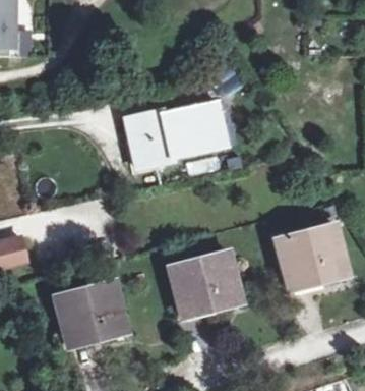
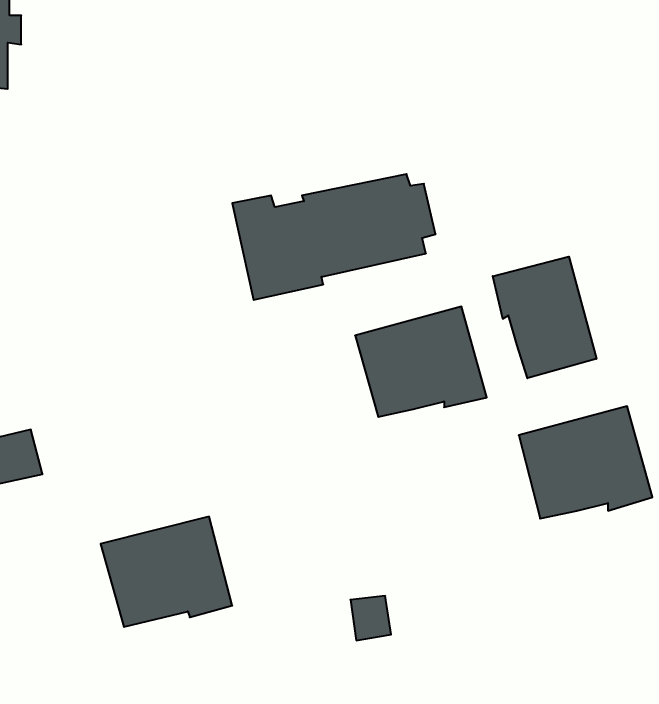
building: none -> [493,257,596,378]
building: [171,253,240,311] -> [355,307,487,417]

